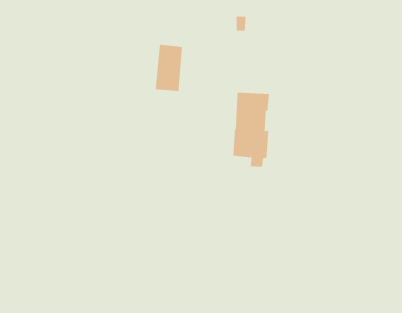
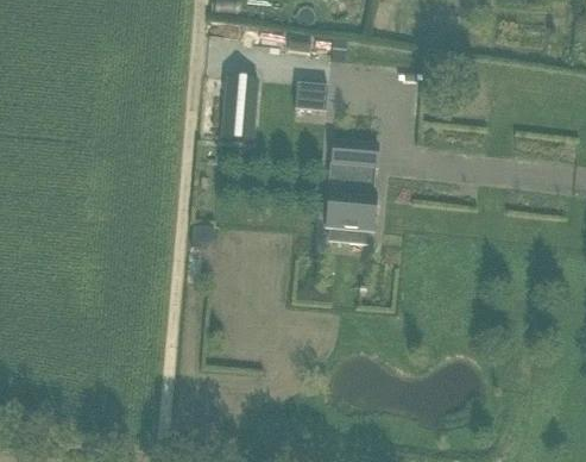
building: none -> [295,83,328,112]

